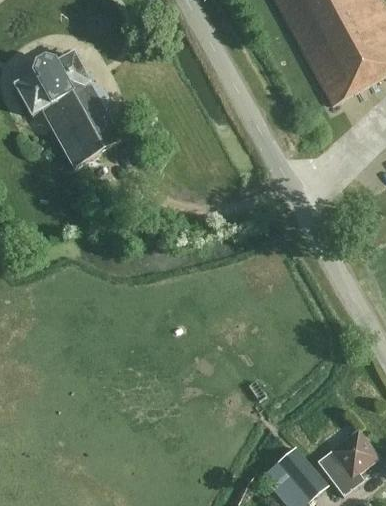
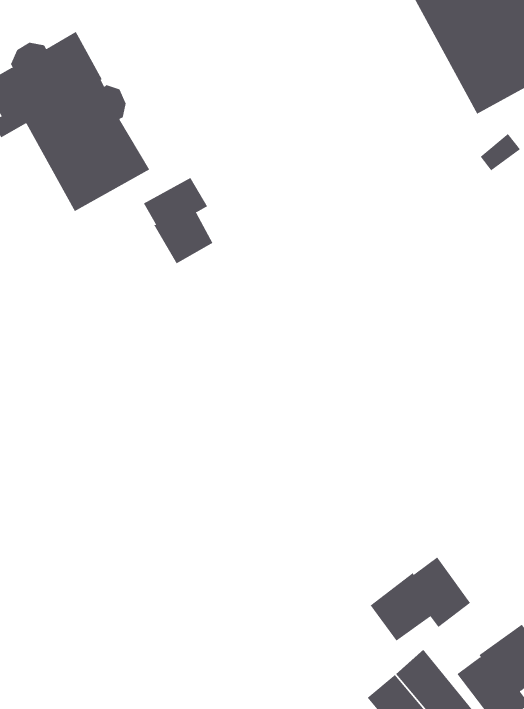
building: none -> [143,177,213,264]
building: none -> [370,556,471,642]

